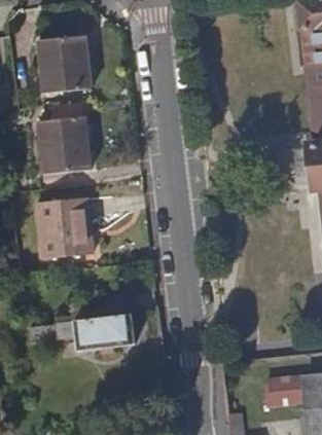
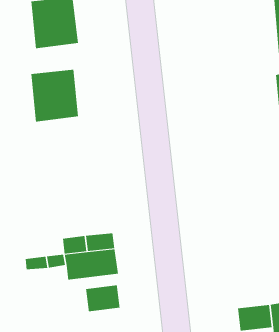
building: [36,195,92,259] -> none
building: none -> [86,284,120,312]

